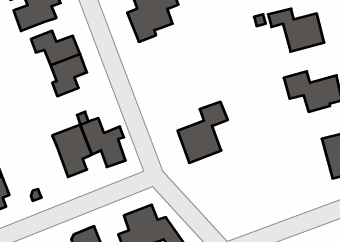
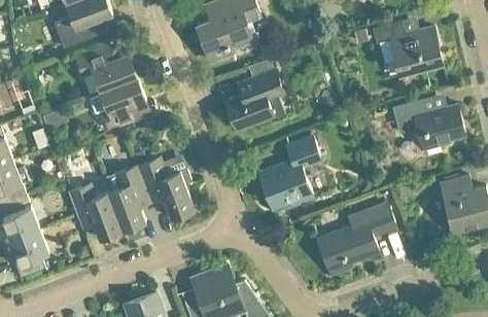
building: none -> [224,69,283,130]
building: none -> [68,183,121,239]
building: none -> [316,203,395,275]

